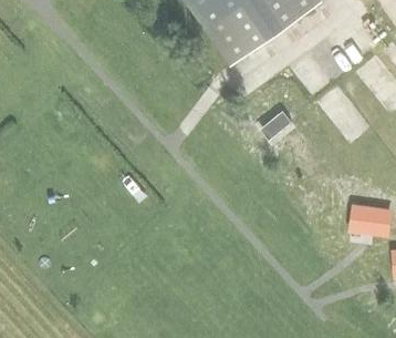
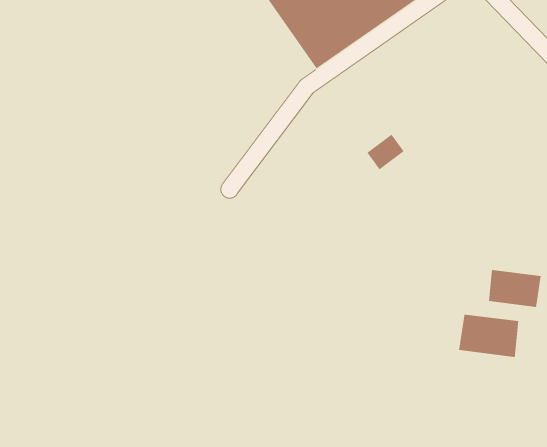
building: none -> [459,314,519,358]

